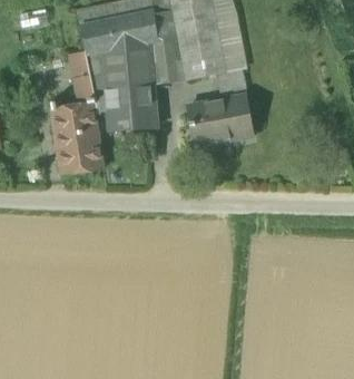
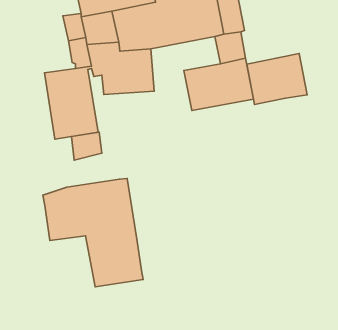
building: none -> [247,53,307,105]
building: none -> [72,132,102,160]
building: none -> [43,178,143,287]

